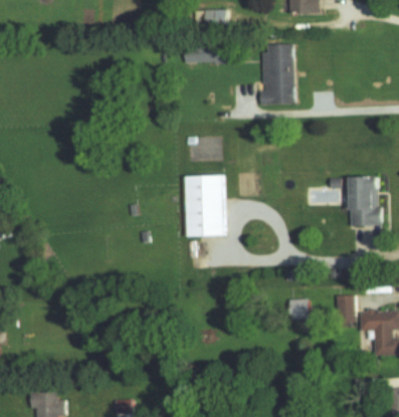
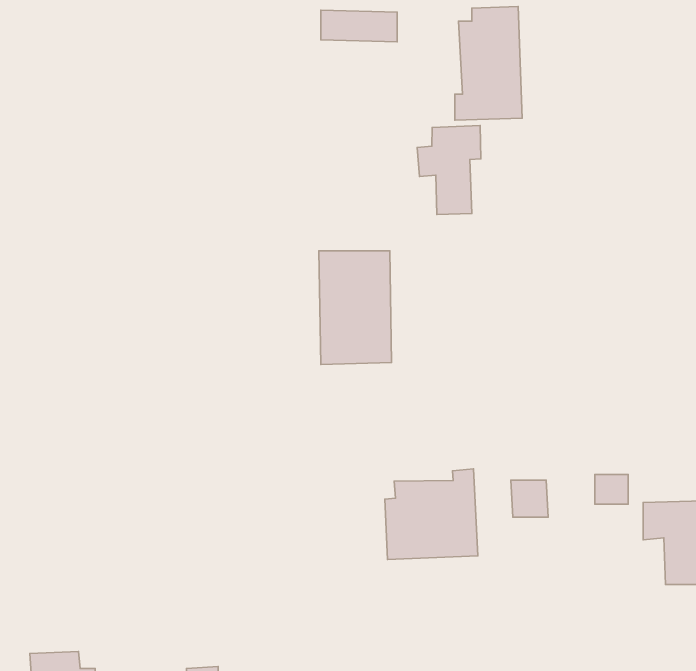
building: none -> [417,125,481,215]
building: [351,177,383,226] -> none
building: none -> [385,469,478,559]

